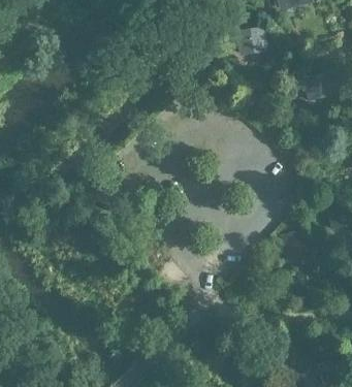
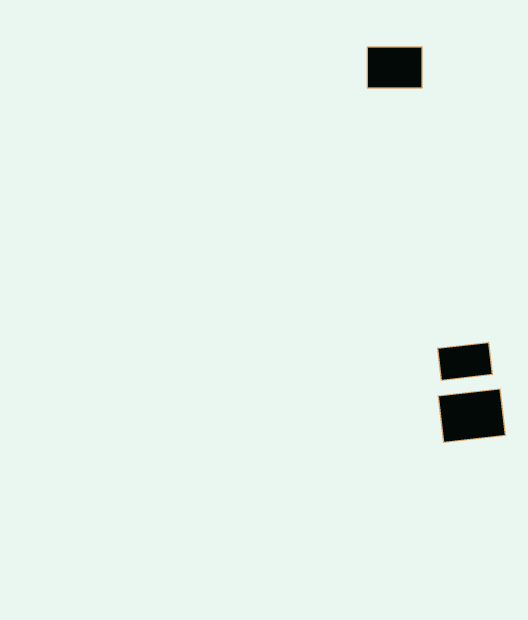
building: none -> [438,342,492,380]

